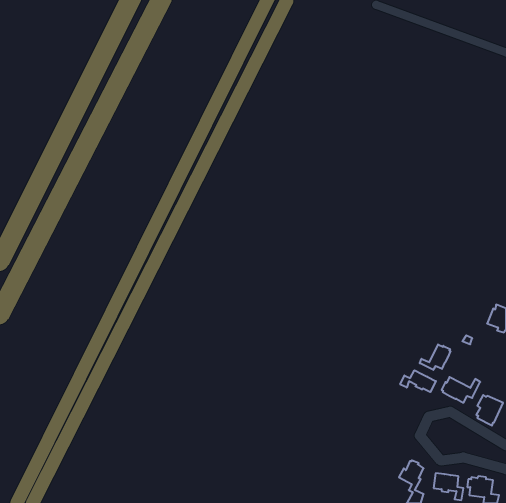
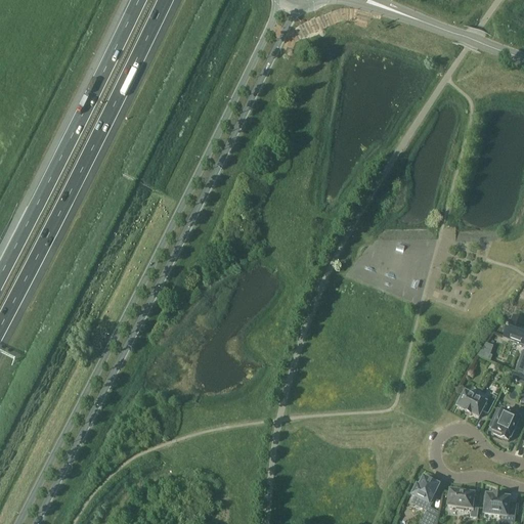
building: [420,344,450,370] -> none
building: [400,370,436,392] -> none

